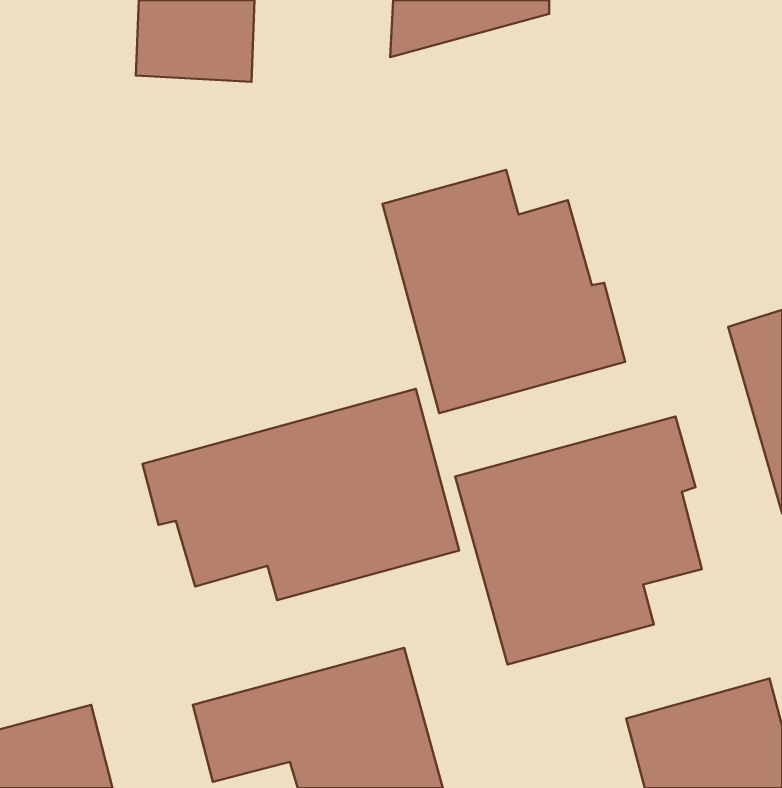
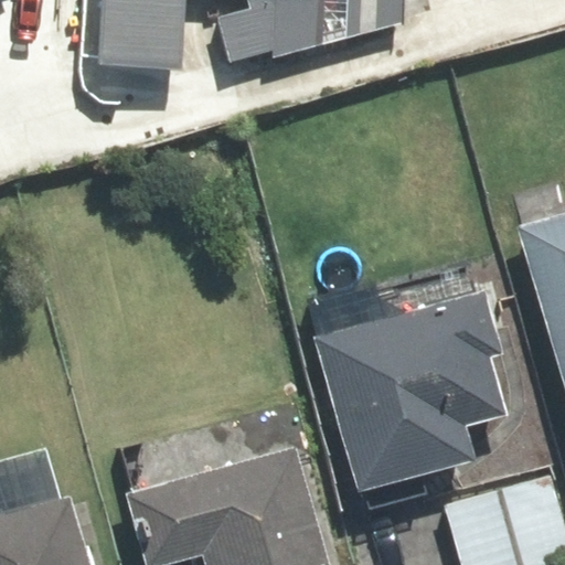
building: [383,170,625,413] -> none
building: [142,389,459,600] -> none

